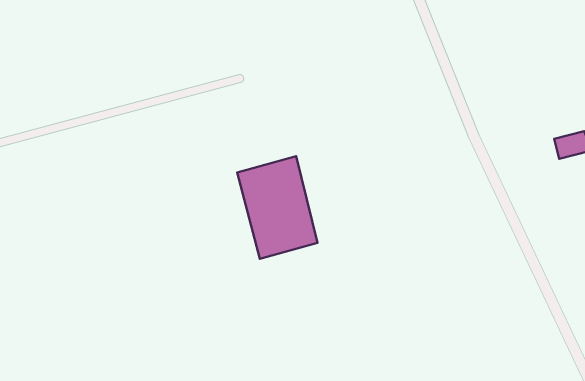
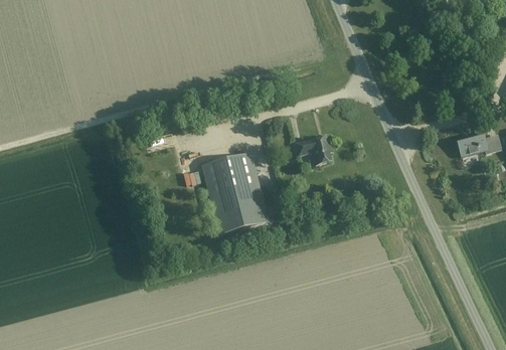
building: none -> [296,135,333,163]

